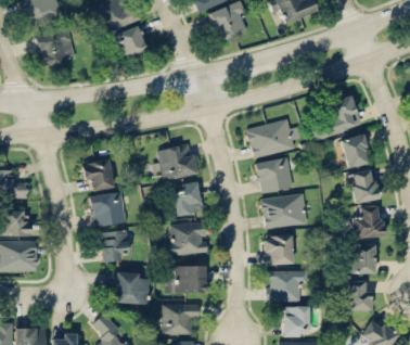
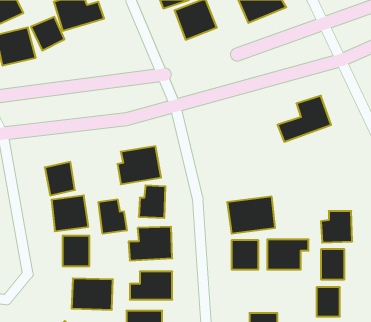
building: [115,26,148,59] -> [31,17,64,50]
building: [245,119,300,158] -> none
building: [341,133,371,168] -> none
building: [255,157,292,193] -> none
building: [349,169,379,203] -> none
building: none -> [99,199,127,234]
building: [267,271,307,301] -> [267,239,309,270]

